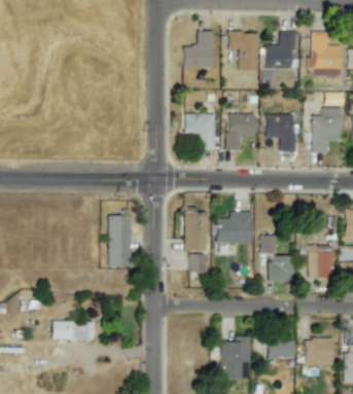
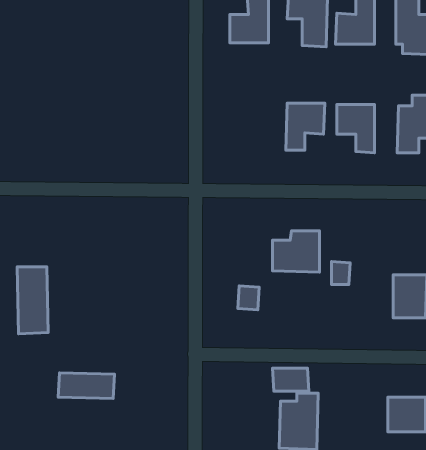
building: [184,113,215,150] -> none
building: [184,211,207,250] -> none
building: [108,215,132,266] -> [17,267,48,334]
building: [269,255,293,281] -> none
building: [268,341,295,358] -> [273,368,309,391]

